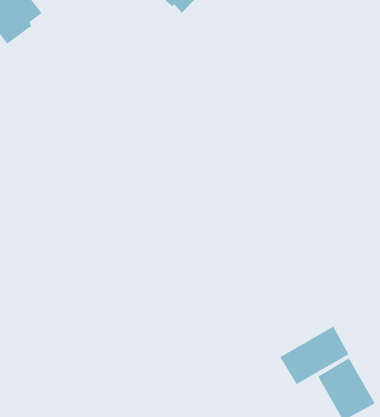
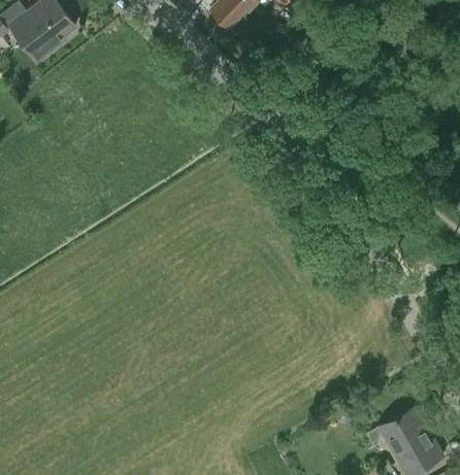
building: [279,326,349,385] -> none

